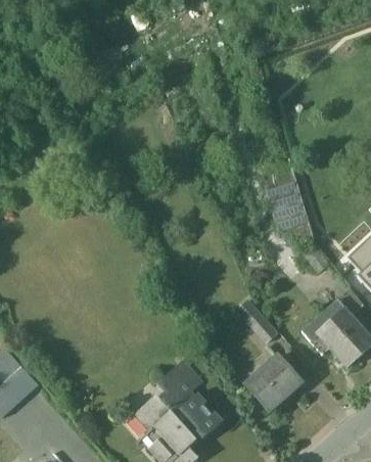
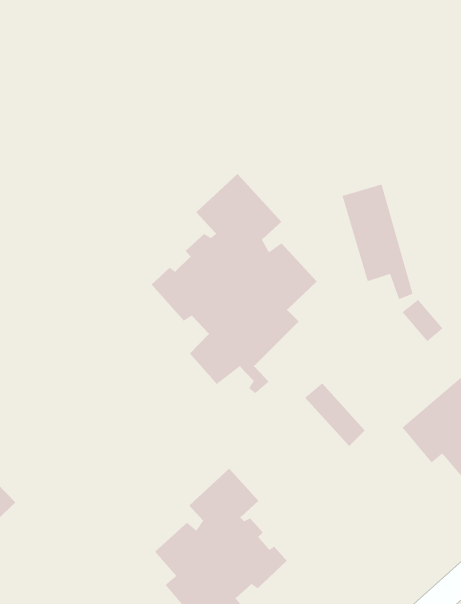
building: none -> [151,173,318,394]
building: [243,353,305,414] -> none

